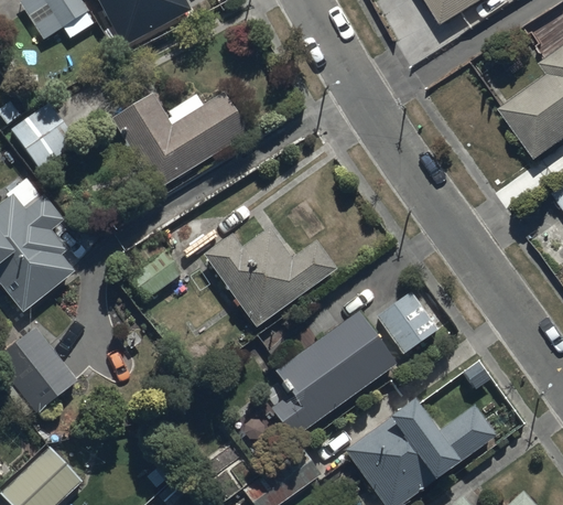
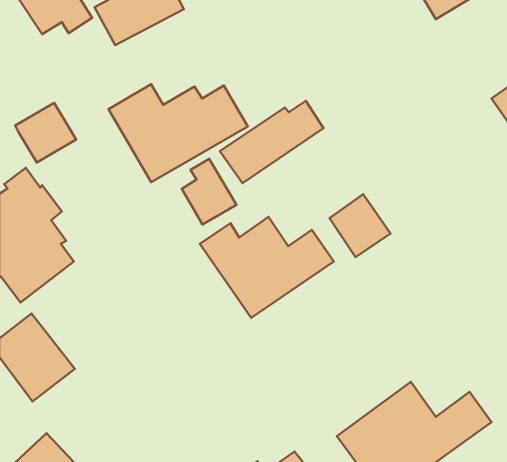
building: none -> [220,101,323,183]
building: none -> [182,159,237,225]
building: [377,289,439,353] -> [330,194,390,257]
building: [263,309,399,441] -> none

